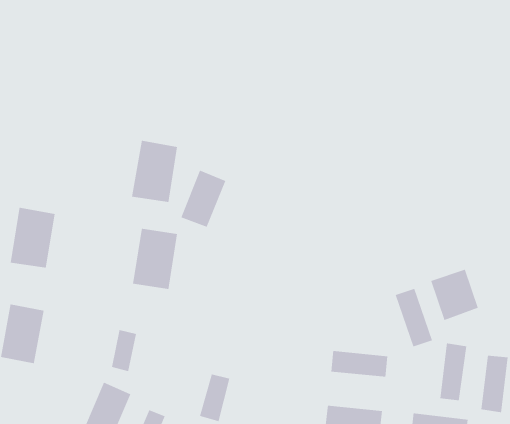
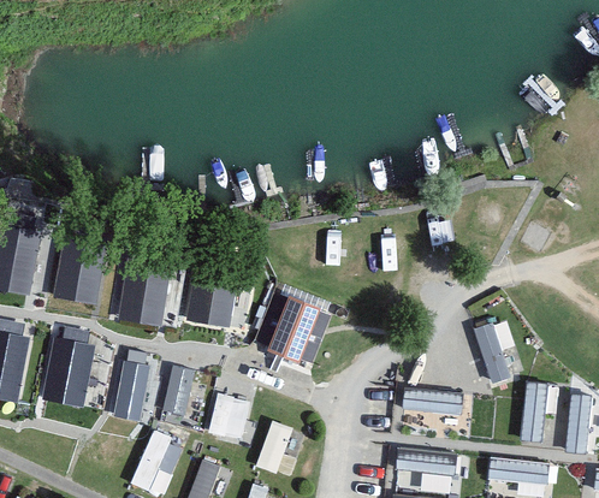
building: [131,140,178,202] -> [119,257,170,325]
building: [181,170,226,228] -> [269,297,319,360]
building: [430,269,479,321] -> none
building: none -> [114,364,150,423]
building: none -> [209,392,254,437]

